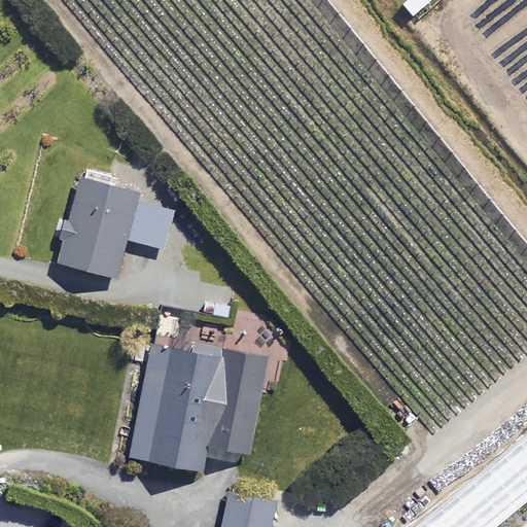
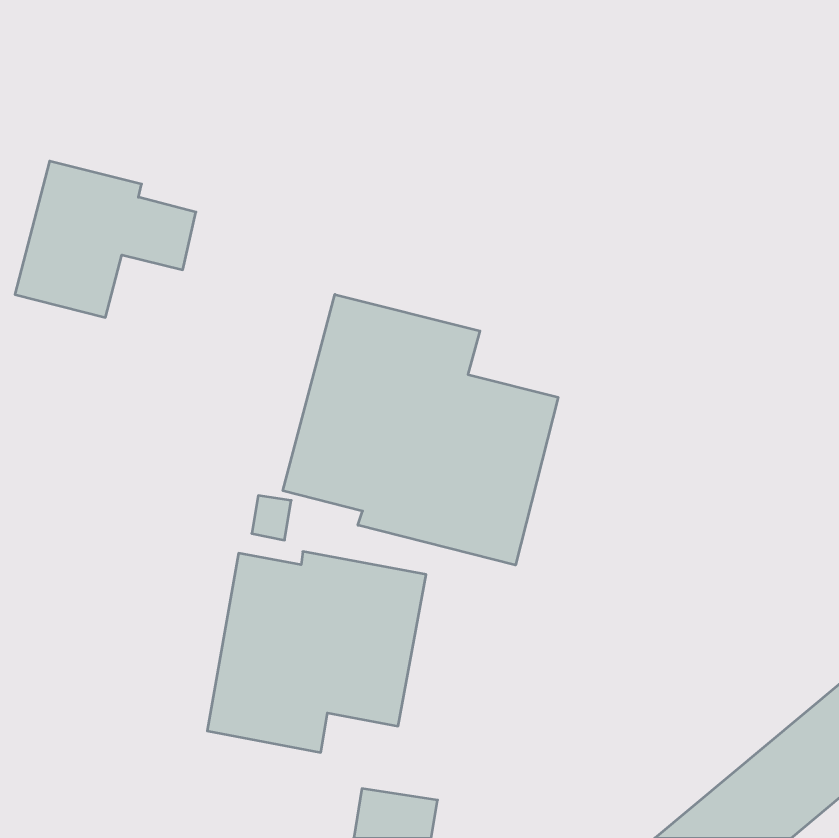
building: [60,180,173,278] -> [15,161,196,317]
building: none -> [283,294,558,565]

